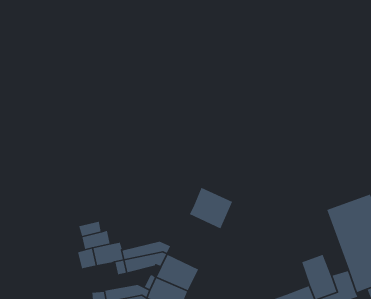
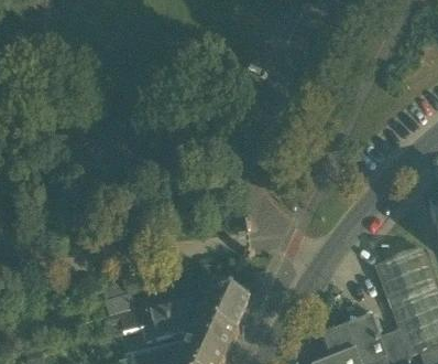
building: [189,187,233,230] -> [200,280,249,326]
building: none -> [320,319,355,354]

